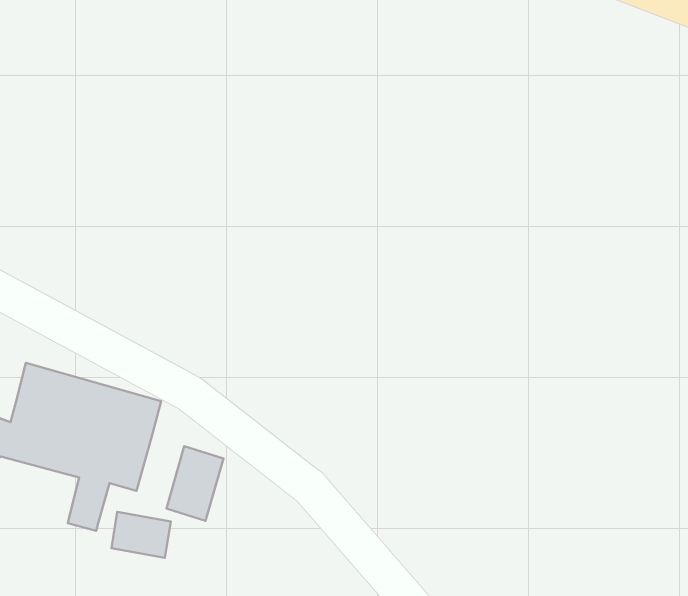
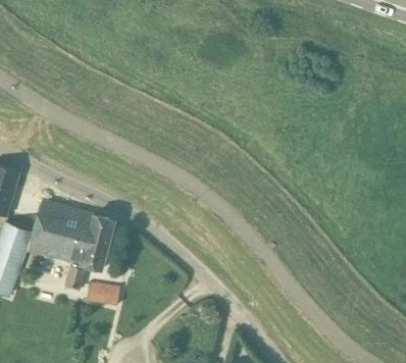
building: [166,446,223,521] -> none

